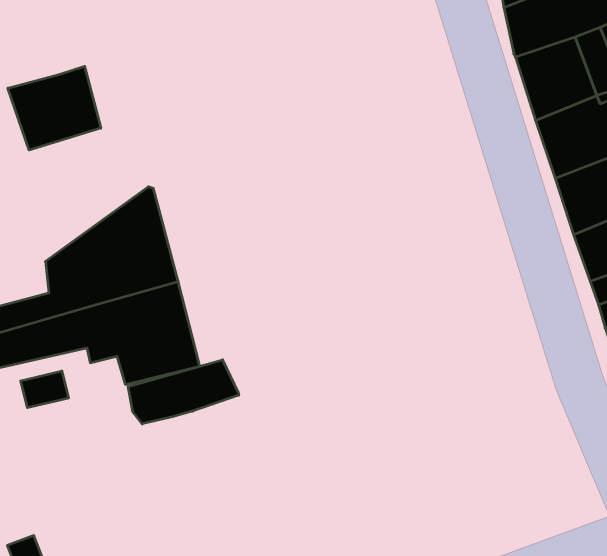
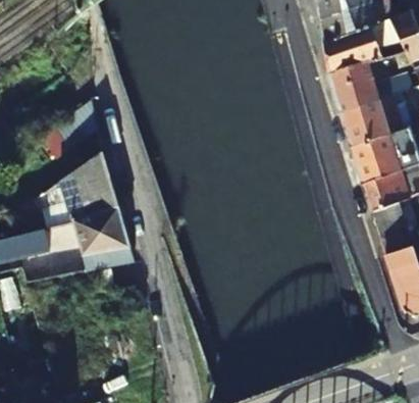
building: [8,66,101,150] -> none
building: [128,360,239,424] -> none

